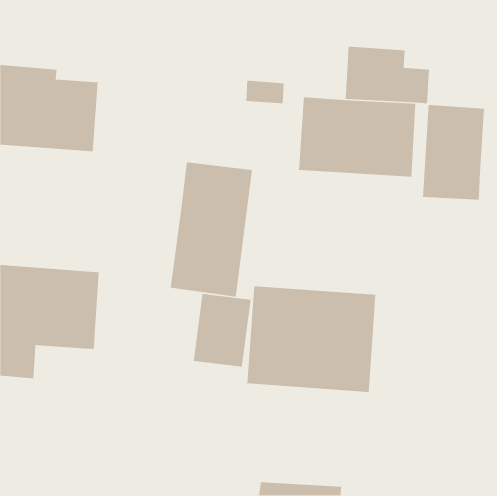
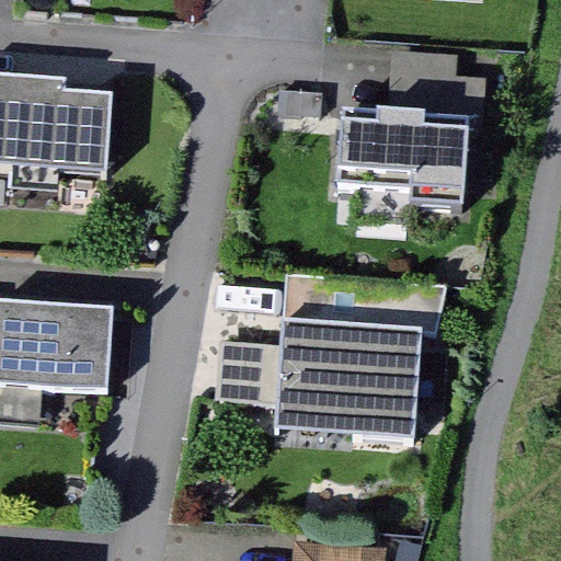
building: [422,104,485,200] -> none
building: [170,161,253,297] -> none

